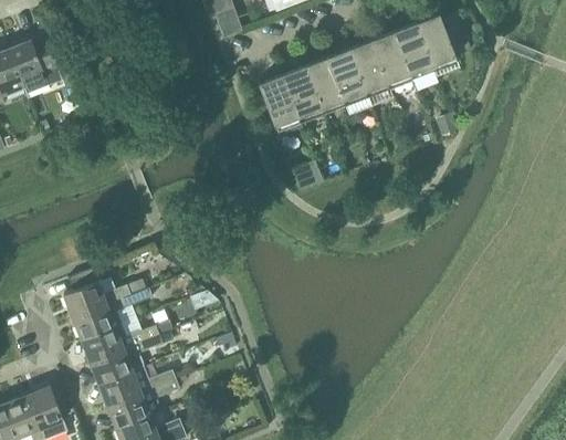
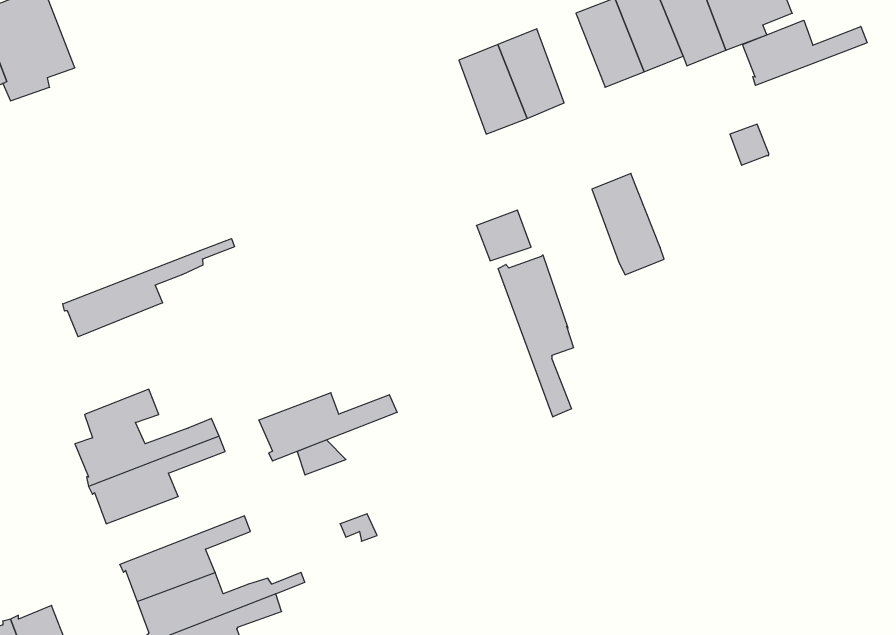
building: [325,50,366,107] -> [592,173,664,275]
building: none -> [742,20,867,85]
building: [258,76,301,136] -> none
building: none -> [63,239,235,337]
building: none -> [498,255,573,417]
building: [81,324,159,363] -> [259,393,397,461]

